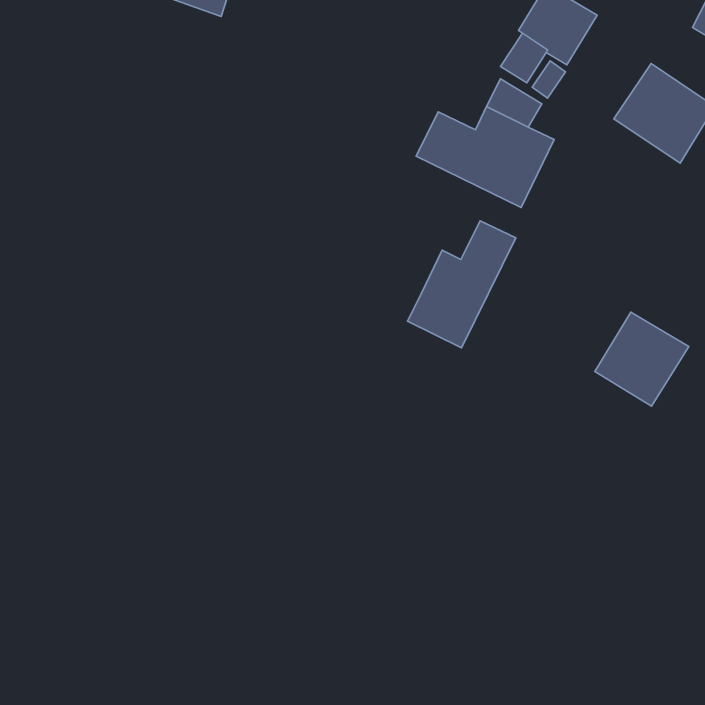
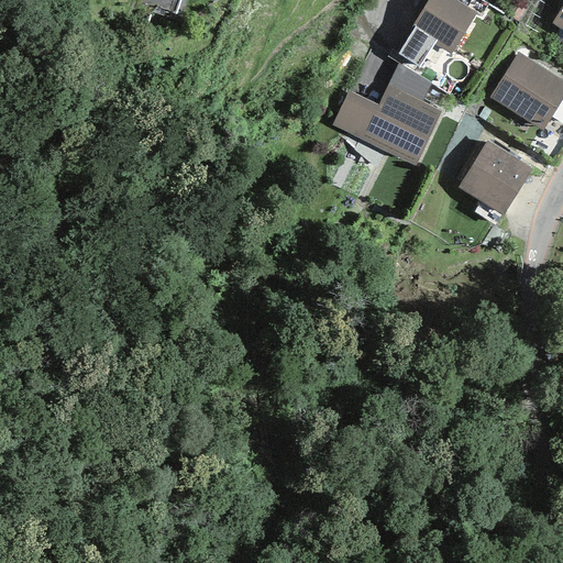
building: [407,221,516,348] -> none
building: [595,312,689,406] -> [459,140,533,214]

